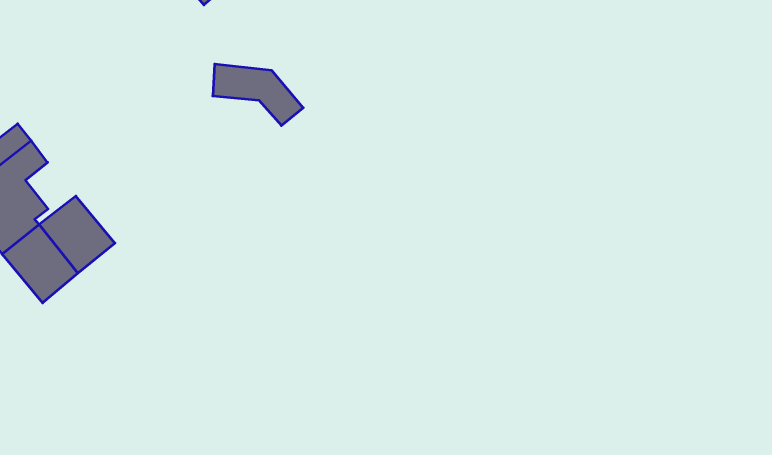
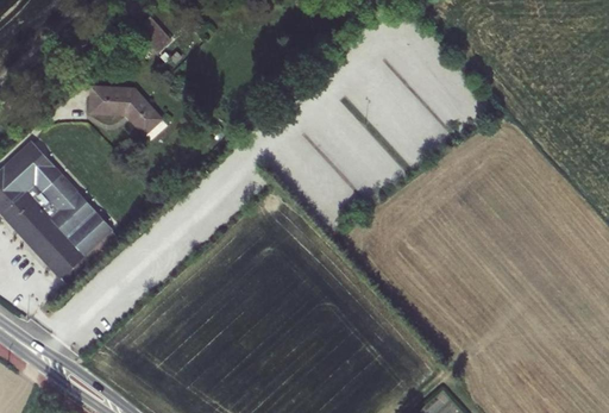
building: [213,64,303,126] -> [89,90,157,133]
building: none -> [38,175,76,221]

